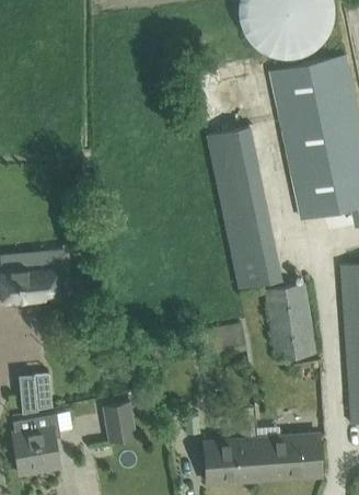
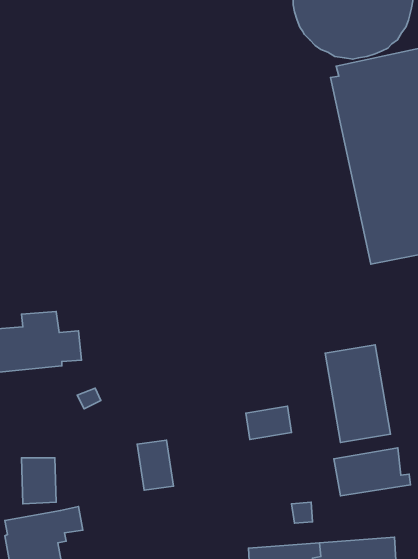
building: [207,126,282,290] -> none
building: none -> [334,448,410,496]
building: [105,404,134,444] -> [137,440,173,490]

